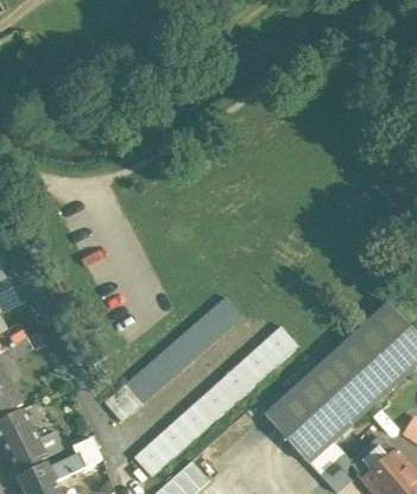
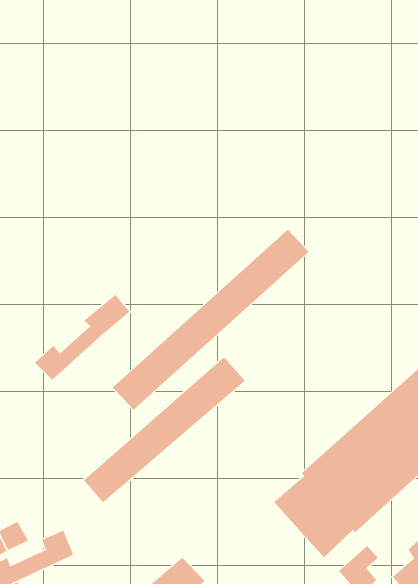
building: none -> [34,294,131,380]
building: [135,325,298,475] -> [112,229,310,411]

